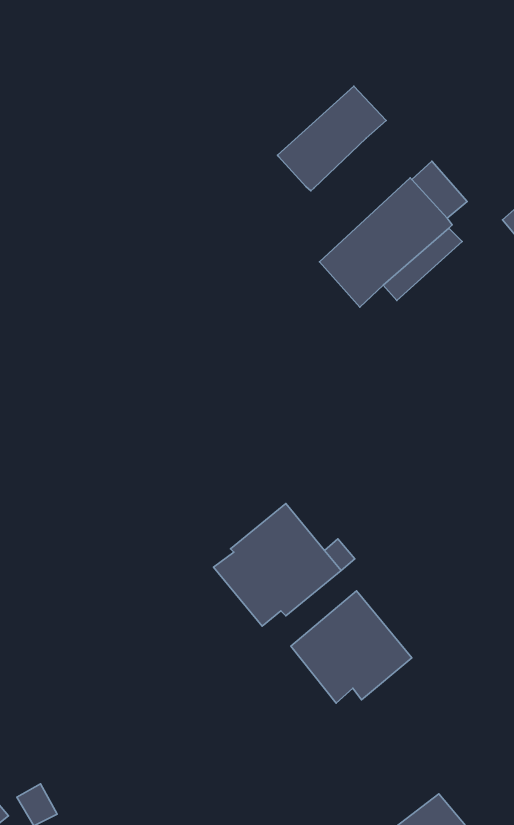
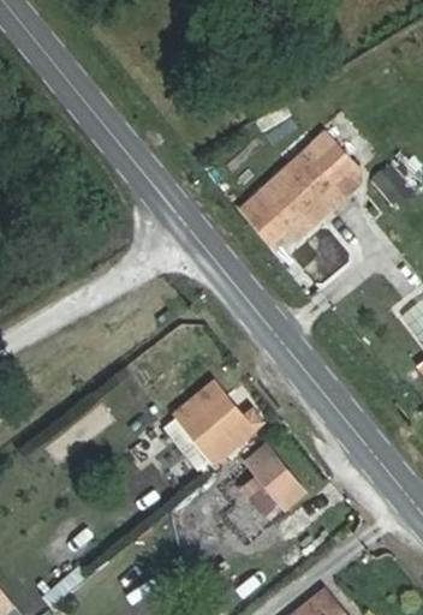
building: [277,86,386,191] -> none

